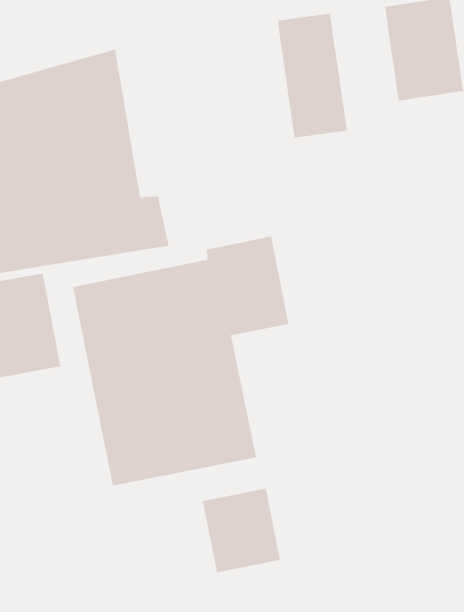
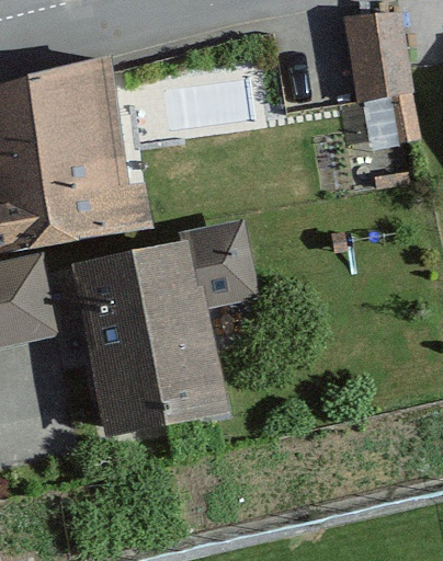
building: [277,13,347,138] -> none
building: [202,488,281,573] -> none

